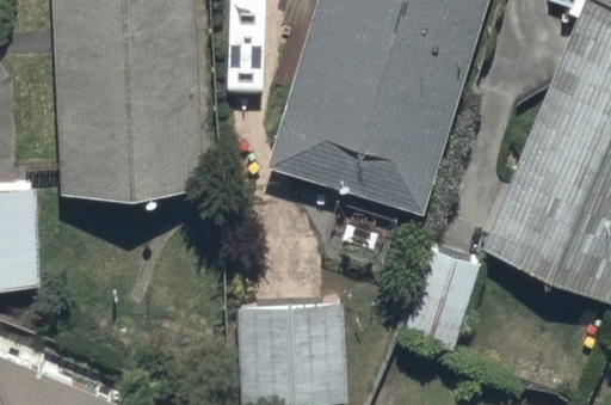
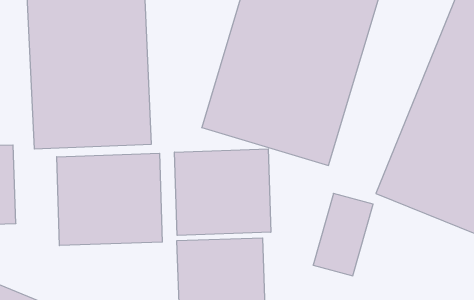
building: none -> [175,149,271,235]
building: none -> [57,153,162,246]

